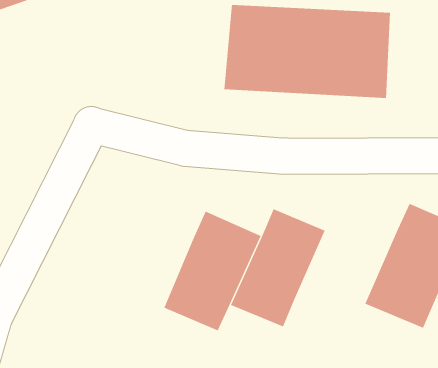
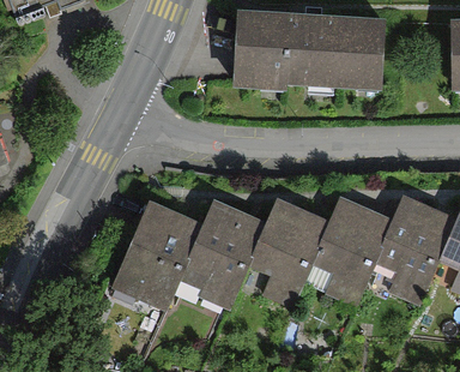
building: none -> [298,192,392,304]
building: none -> [110,202,204,312]

